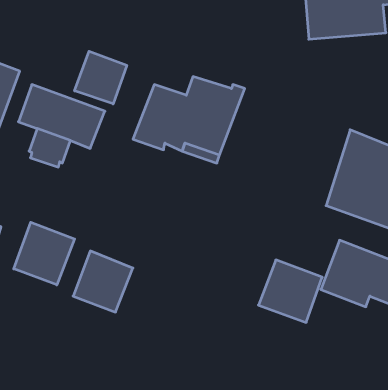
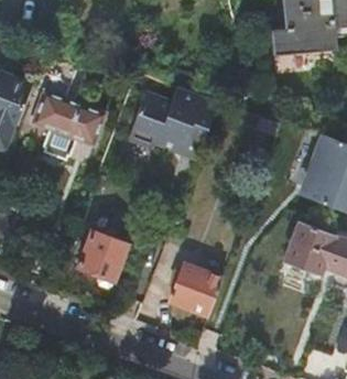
building: [75,51,127,104] -> none
building: [14,222,75,285] -> none
building: [258,260,322,322] -> [170,264,223,316]

